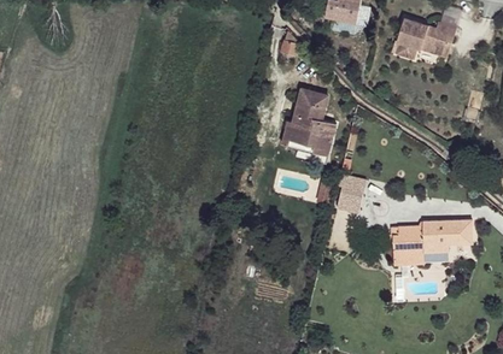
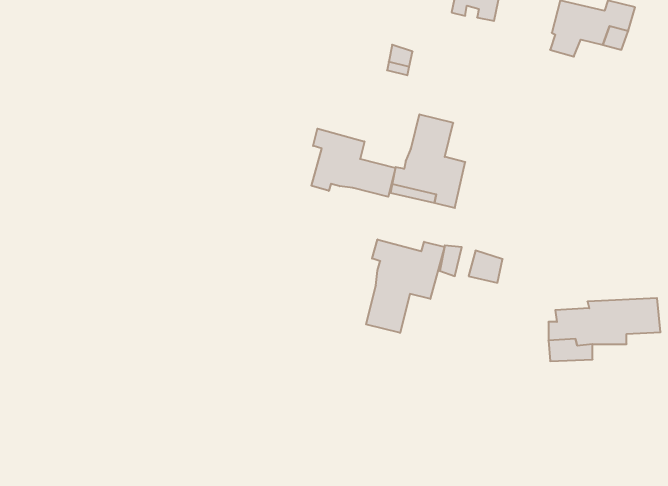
building: none -> [311,129,395,197]
building: none -> [366,239,445,333]

